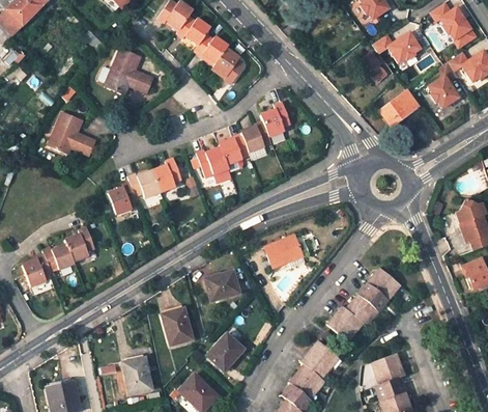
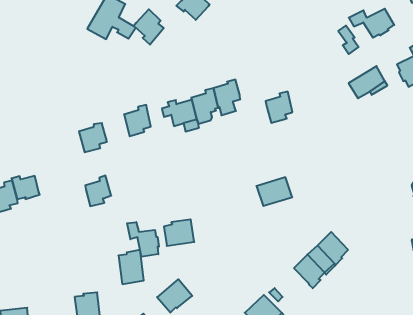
building: [213,48,245,84] -> [134,9,164,45]
building: [261,102,290,136] -> [266,92,292,123]
building: [49,111,96,154] -> none
building: [128,169,161,196] -> none
building: [66,226,94,259] -> [85,176,111,206]
building: [262,236,300,268] -> [256,177,292,206]
building: none -> [127,222,159,257]
building: [326,306,362,340] -> none

